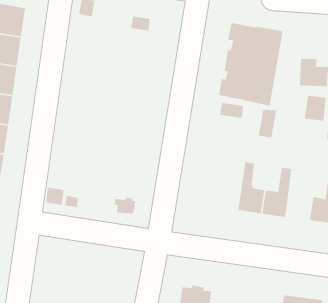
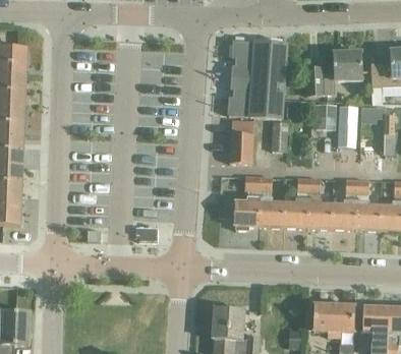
building: none -> [229,132,254,164]
building: none -> [235,176,262,230]
building: none -> [308,178,333,228]

